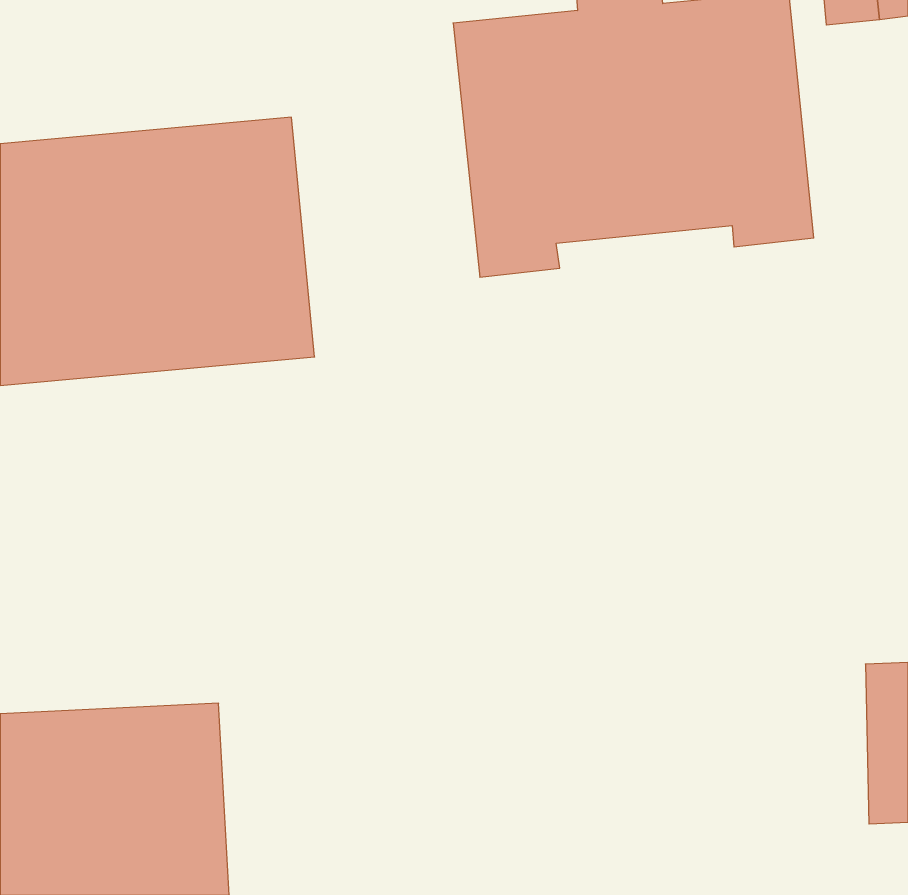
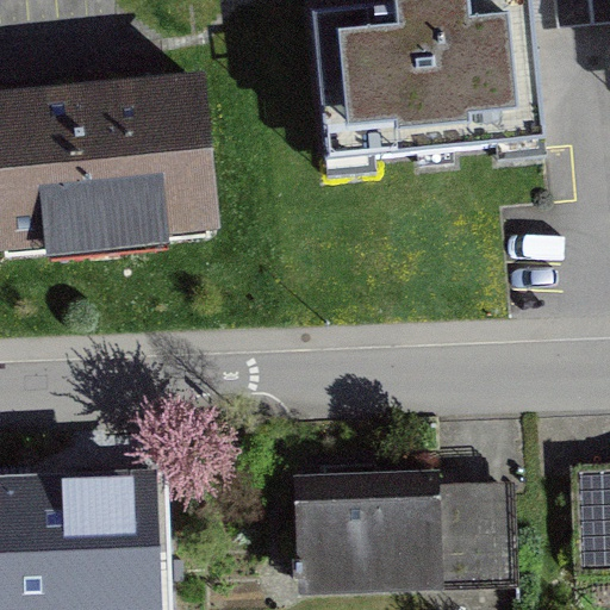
building: none -> [294,468,522,572]

